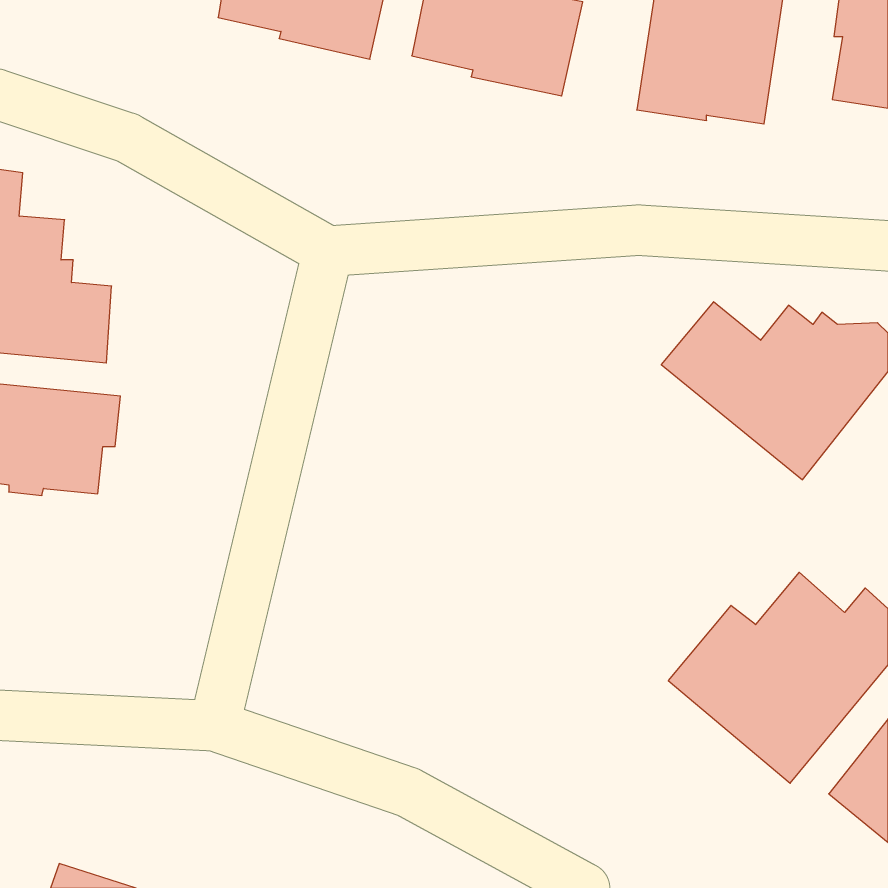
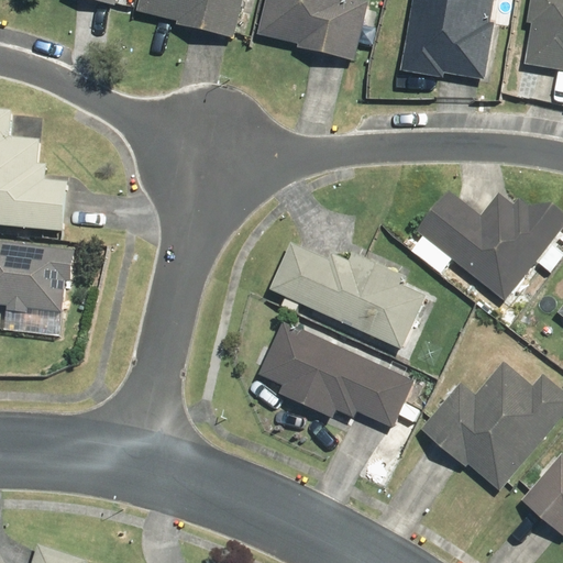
building: none -> [271,242,427,349]
building: none -> [258,321,415,430]

